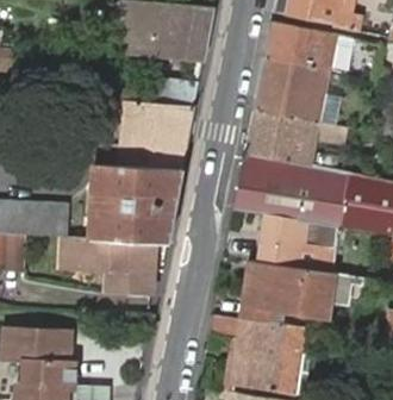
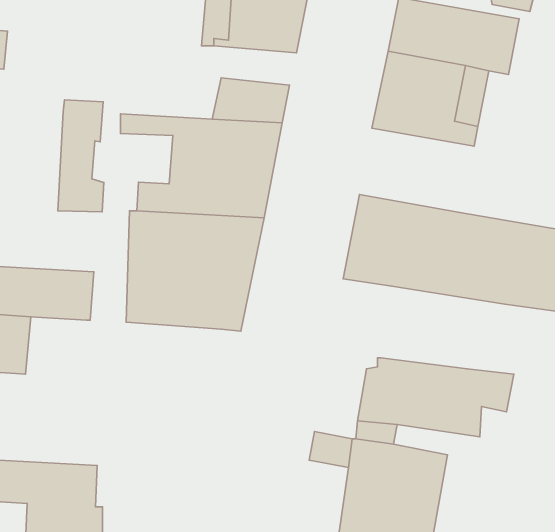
building: none -> [58,100,104,212]
building: [244,111,349,167] -> none
building: [258,215,341,270] -> none
building: [61,238,152,298] -> none

